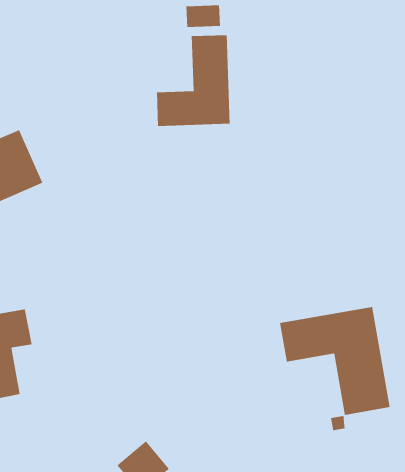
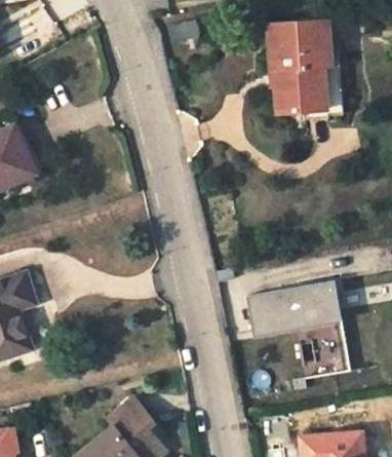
building: none -> [271,24,349,131]
building: [157,34,230,127] -> none

